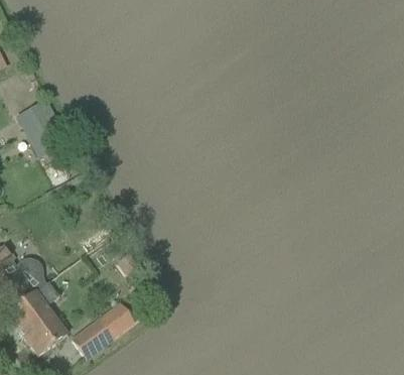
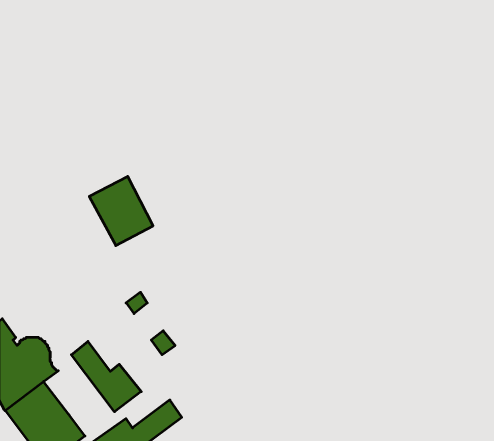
building: [18,100,66,152] -> [89,176,153,246]
building: none -> [71,341,141,412]

